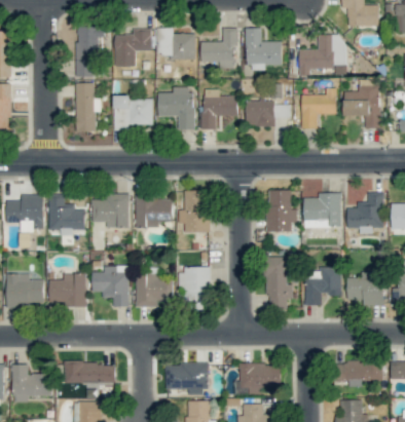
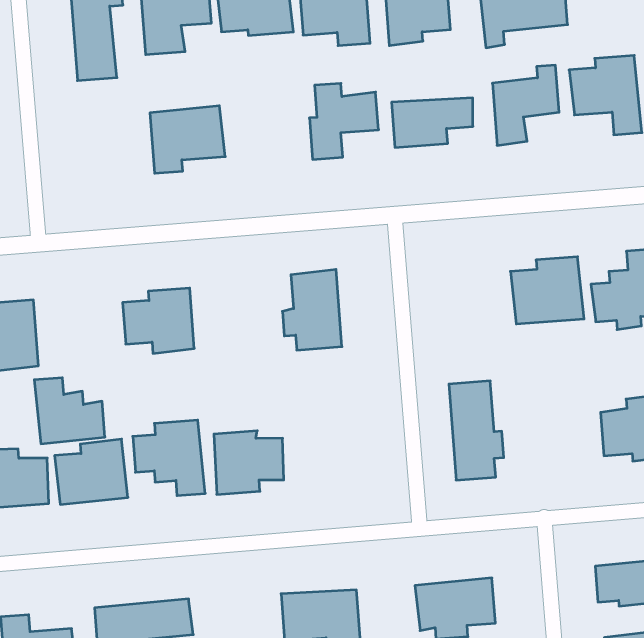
building: [75,83,101,131] -> none
building: [157,86,193,130] -> none
building: [266,190,297,232] -> none
building: [135,194,173,228] -> none
building: [48,195,84,230] -> [34,378,105,444]
building: [180,267,210,308] -> none
building: [305,267,341,305] -> none

